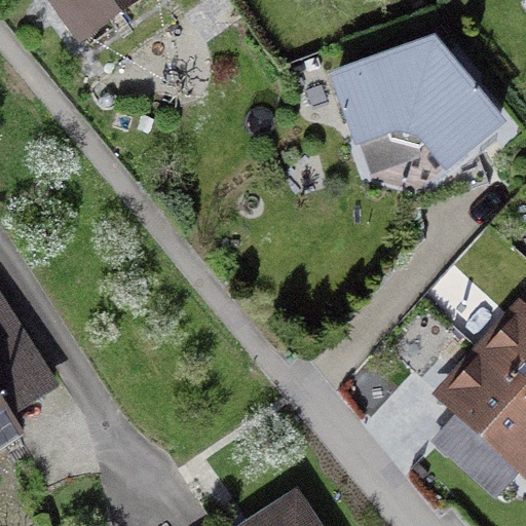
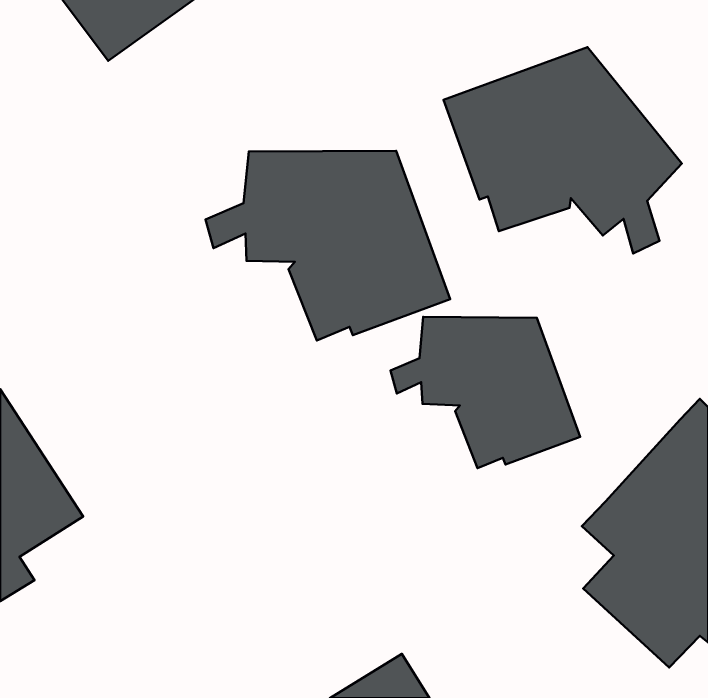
building: none -> [206,151,450,340]
building: none -> [390,317,580,468]

